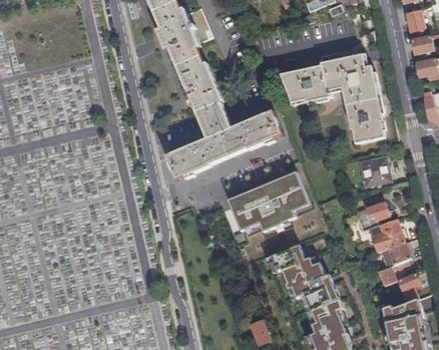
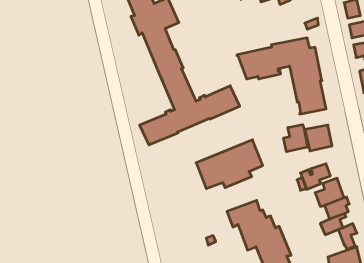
building: none -> [284,125,307,152]

